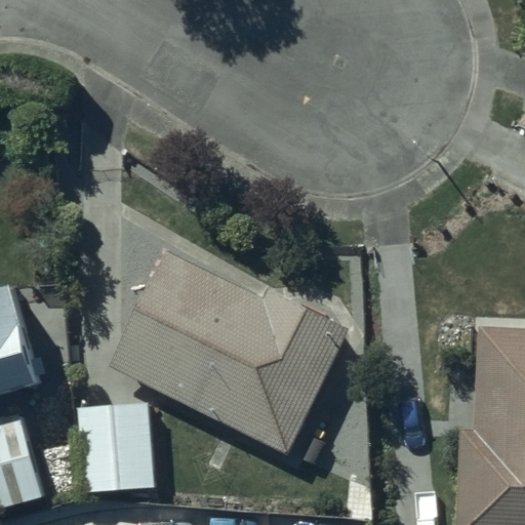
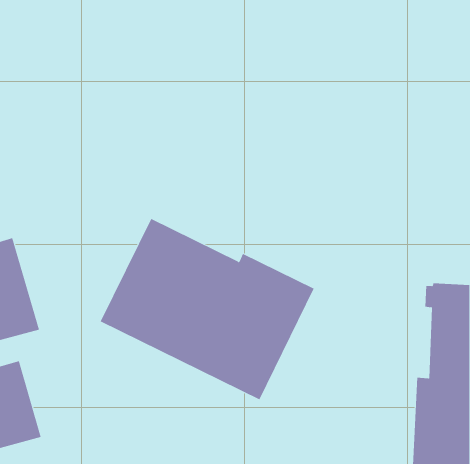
building: [79,404,154,492] -> none

